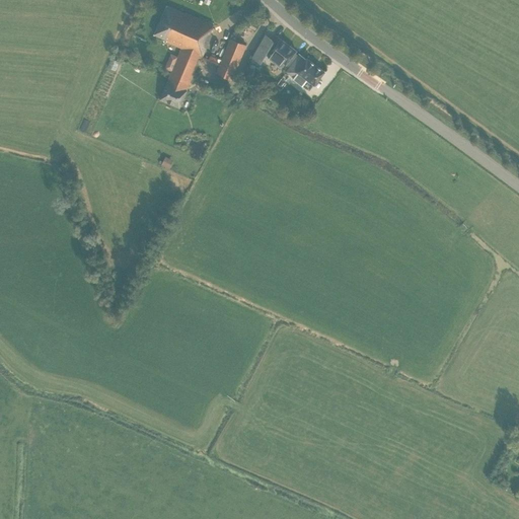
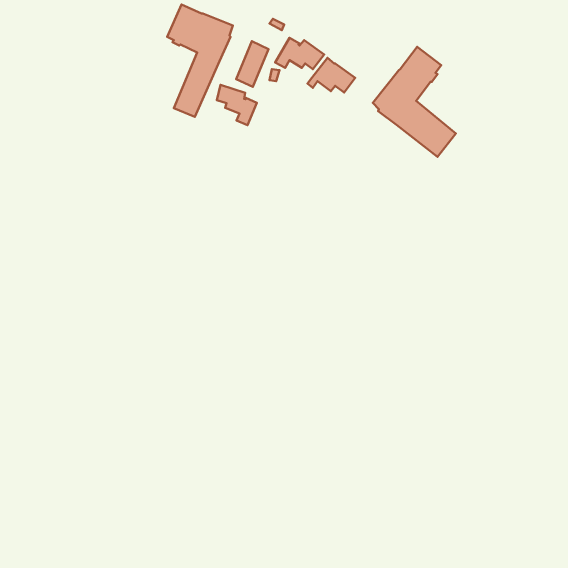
building: none -> [373,47,456,157]
building: none -> [217,85,257,125]

